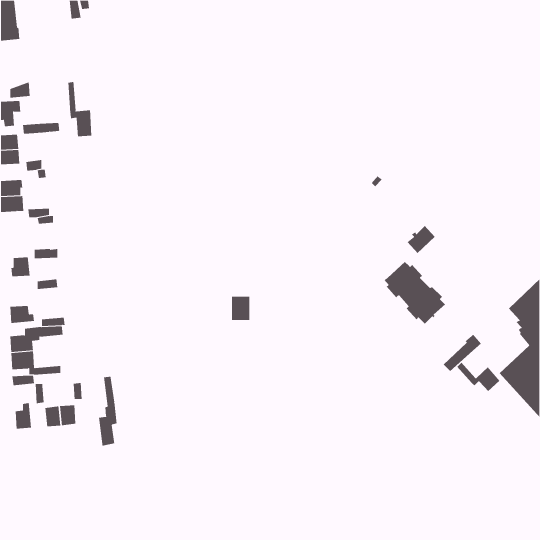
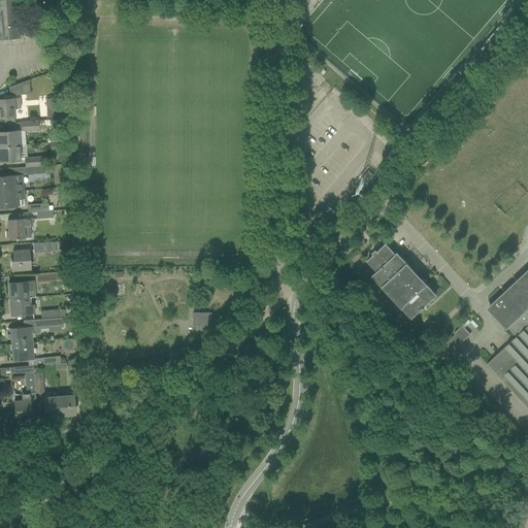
building: [68,81,92,137] -> none
building: none -> [5,220,32,239]
building: [407,225,436,254] -> [367,243,395,271]
building: none -> [8,282,35,299]
building: [231,296,250,320] -> [193,312,211,336]
building: [457,362,500,392] -> none
building: [98,376,117,446] -> none

